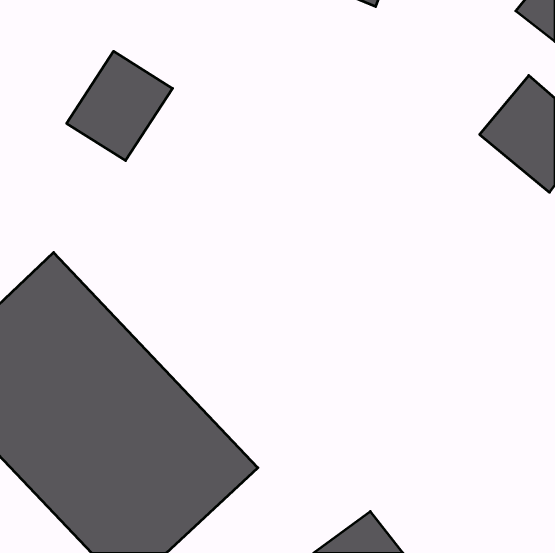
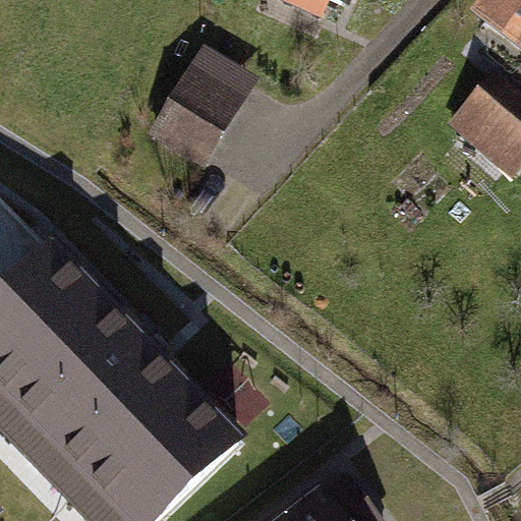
building: [67,51,173,161] -> [146,70,244,172]

